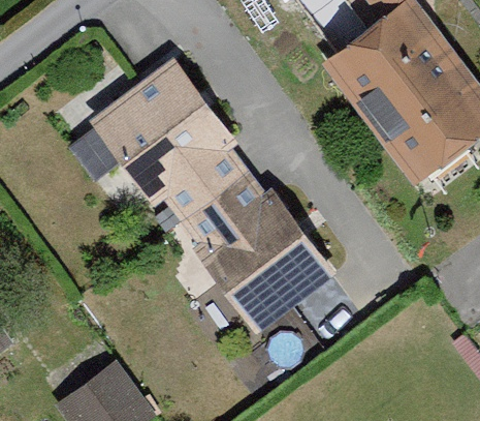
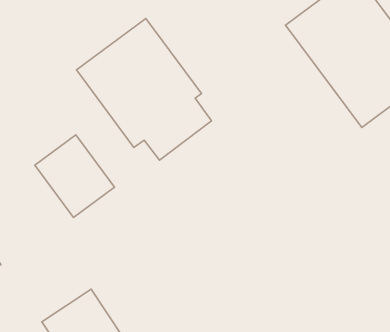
building: [188,175,337,331] -> none
building: none -> [35,135,115,218]

